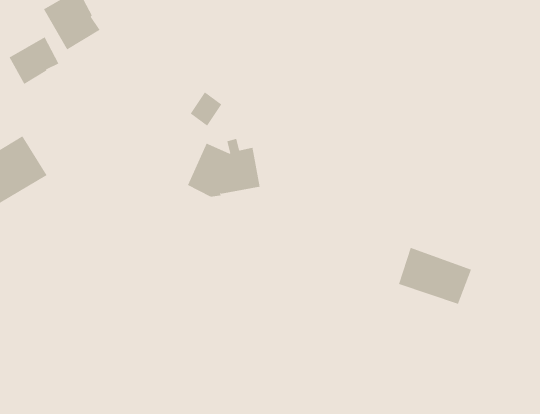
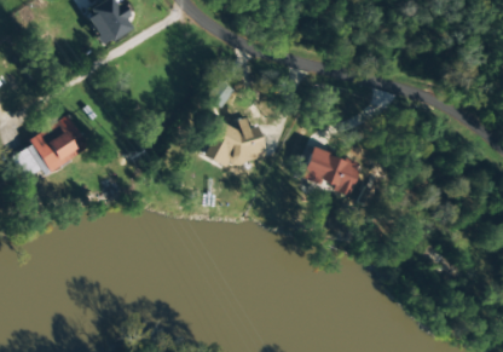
building: [9,37,59,85] -> none
building: [398,247,472,305] -> [301,146,362,194]

